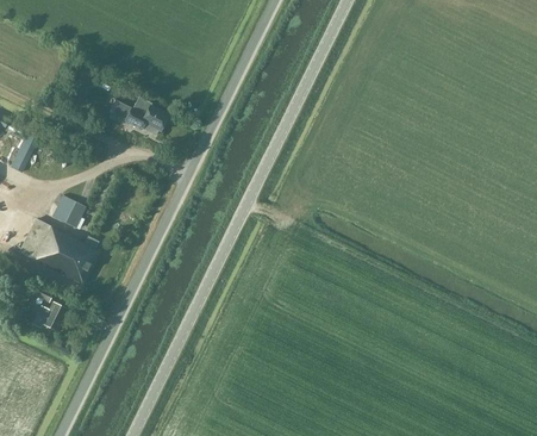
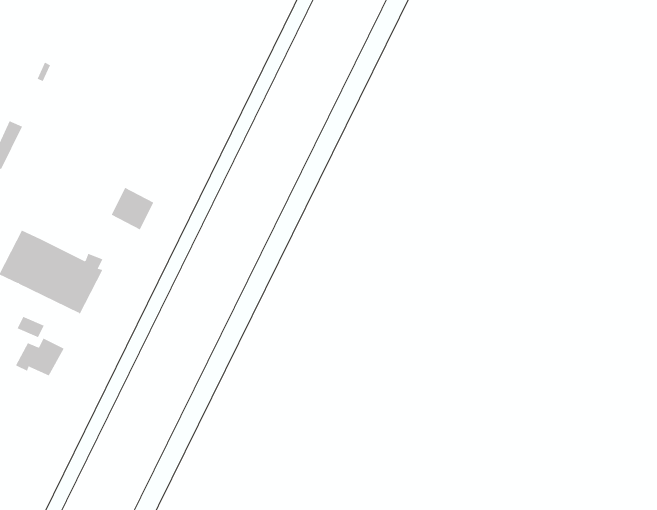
building: [118,96,167,133] -> none
building: [50,194,83,228] -> [111,187,154,230]

